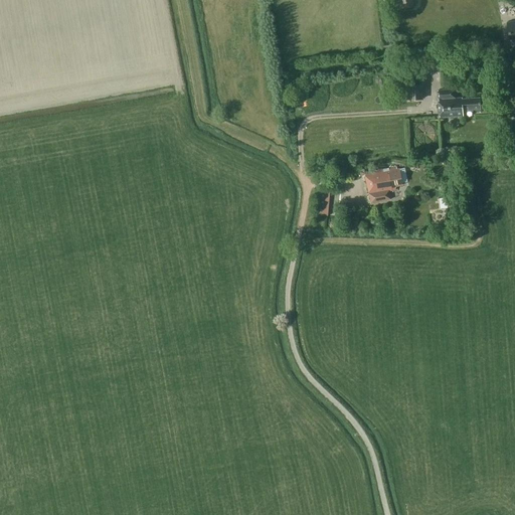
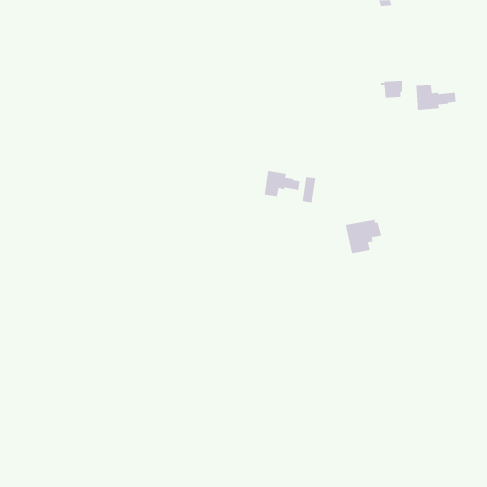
building: [365,165,404,202] -> [345,219,382,254]
building: none -> [264,170,300,197]

